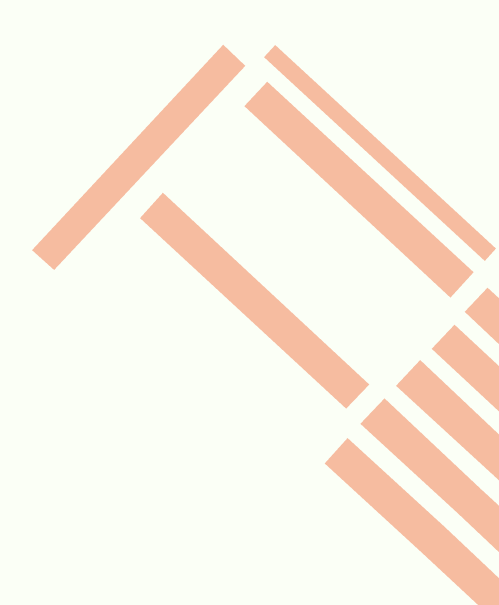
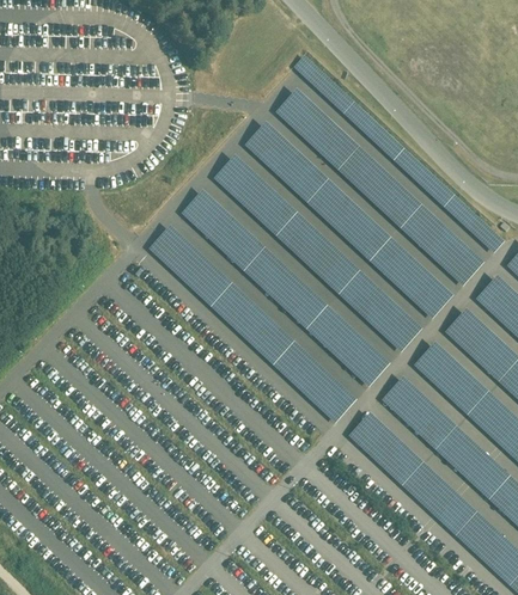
building: [31,44,246,271] -> none
building: none -> [243,122,452,319]
building: none -> [212,155,421,352]
building: none -> [147,225,356,422]

